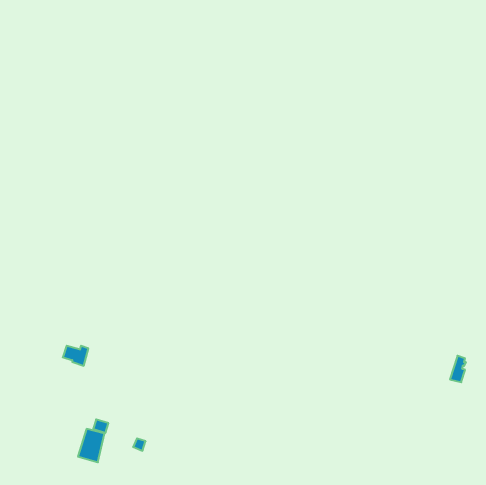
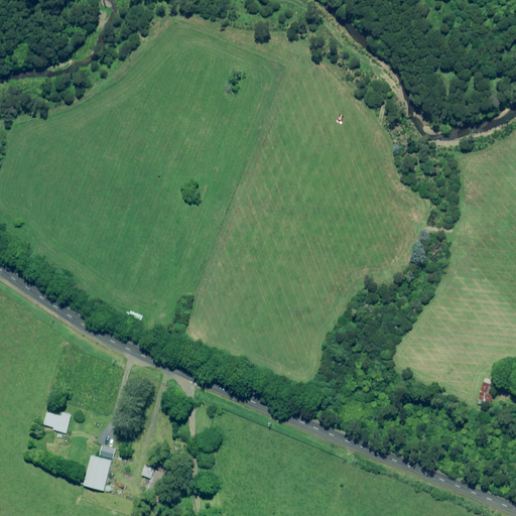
building: [63,346,88,366] -> [43,411,71,432]

